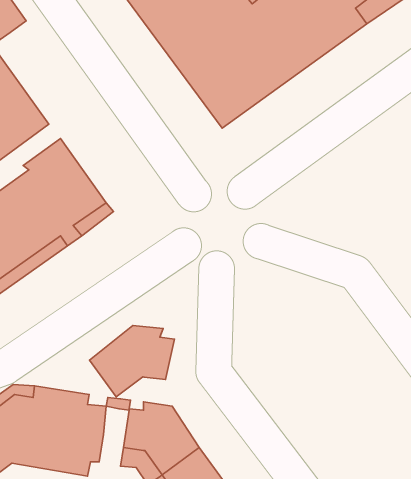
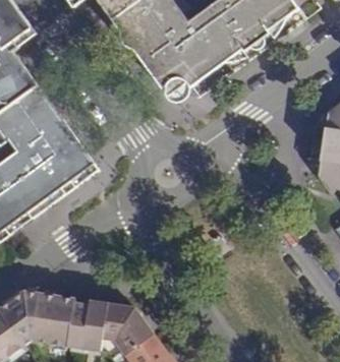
building: [89,325,175,397] -> none

